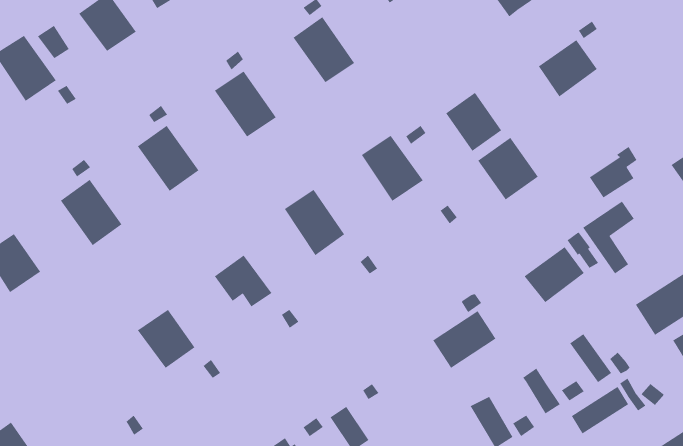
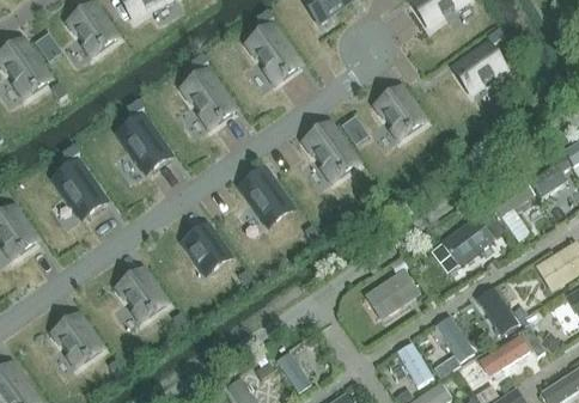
building: [477,137,539,201] -> none
building: [589,146,637,199] -> [529,153,569,197]
building: none -> [53,315,102,365]

